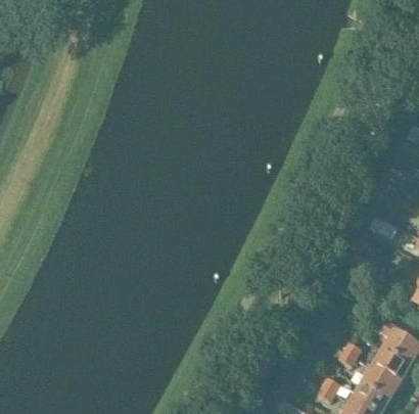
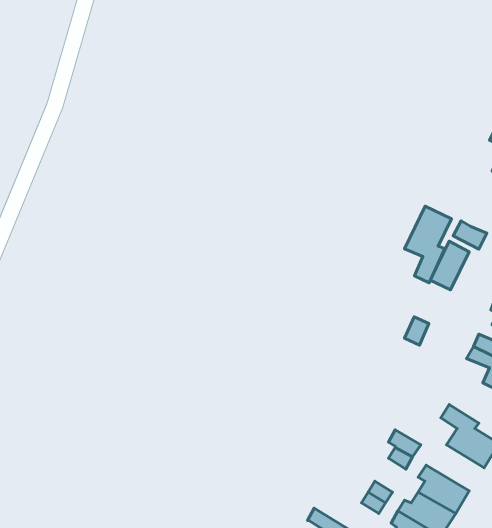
building: none -> [405,206,452,283]
building: [366,349,410,383] -> none

